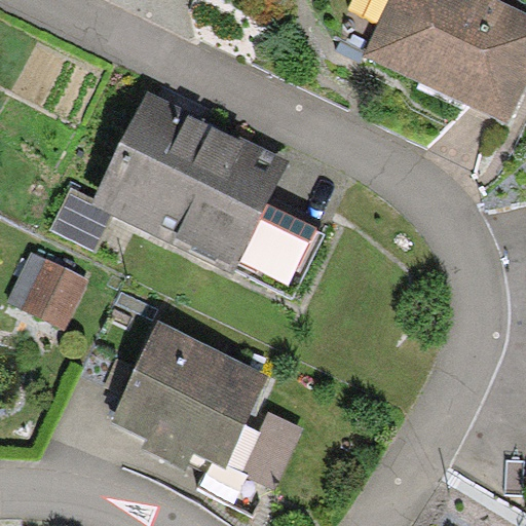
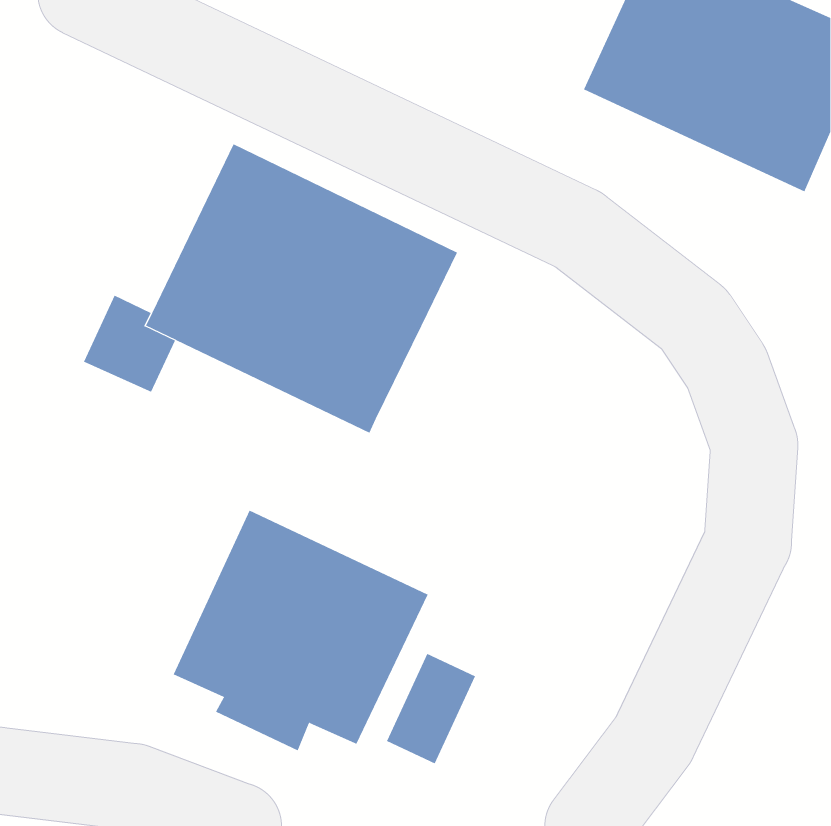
building: [237,205,318,289] -> none
building: [10,252,87,326] -> none

